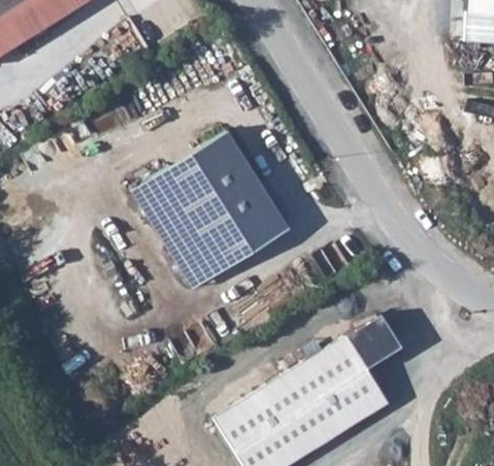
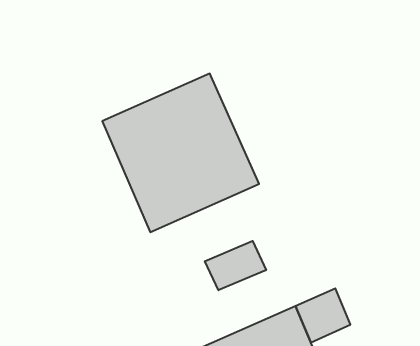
building: none -> [205,241,266,290]

